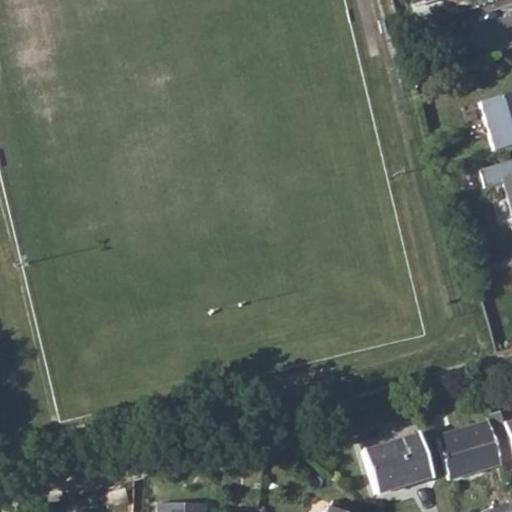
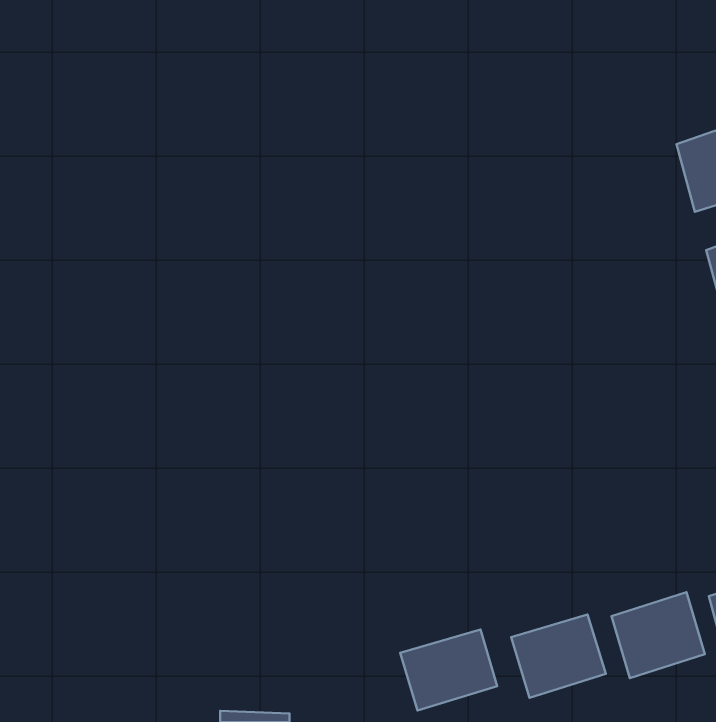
building: none -> [400,630,497,711]

